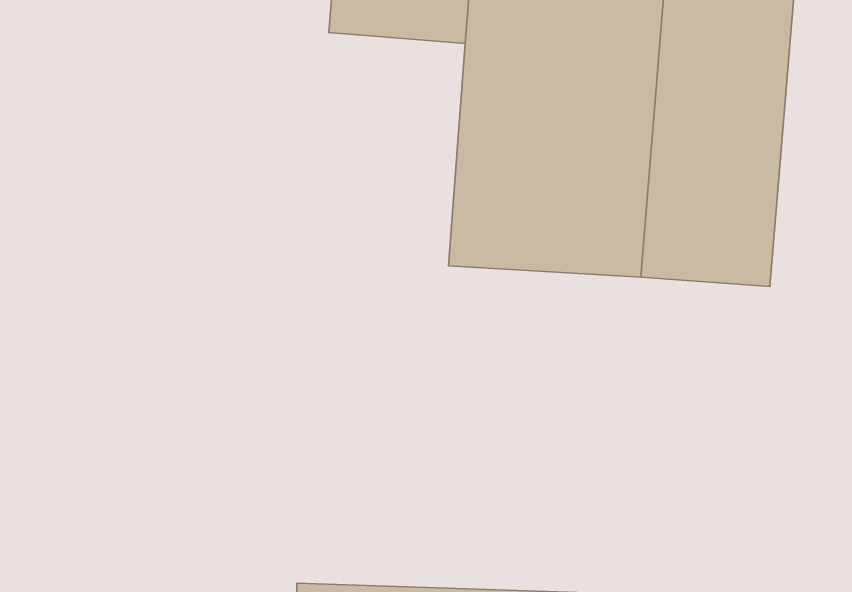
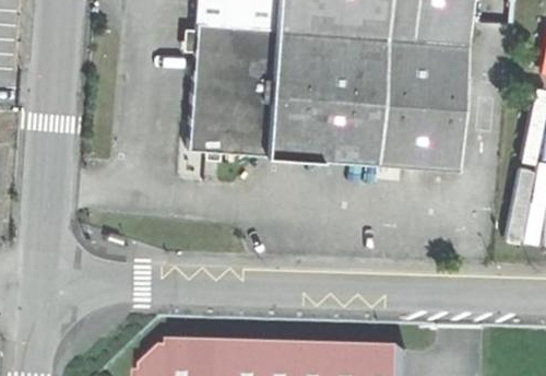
building: none -> [189,21,280,157]

